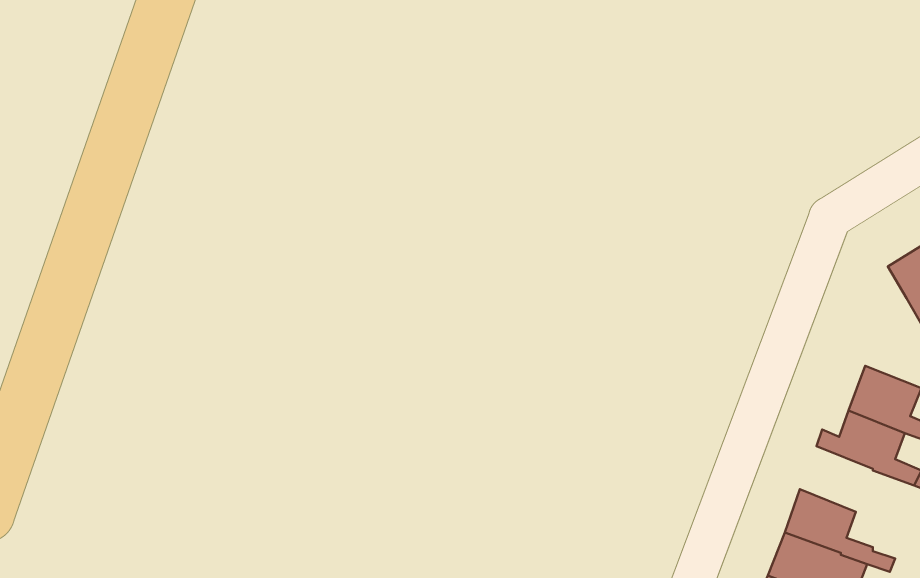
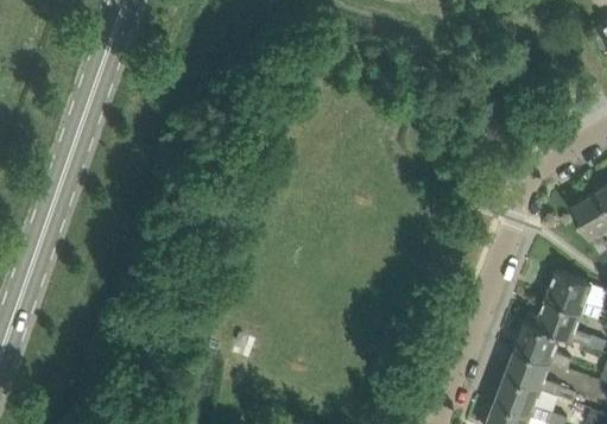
building: none -> [514,322,571,371]

